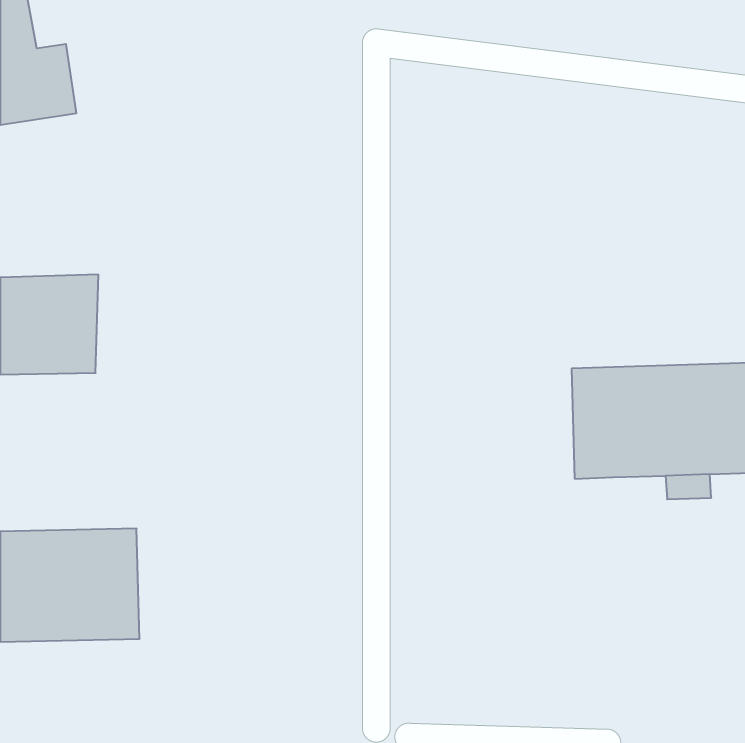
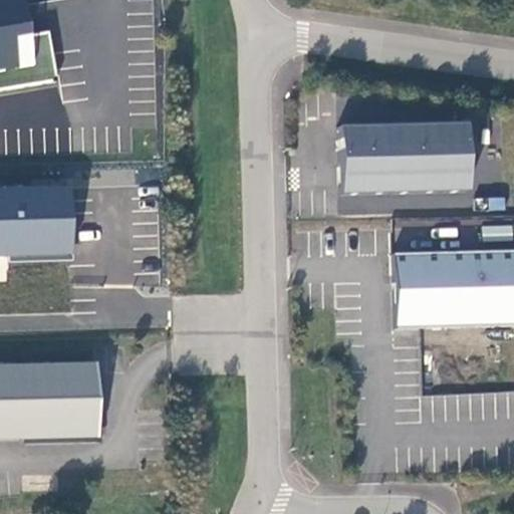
building: none -> [339,122,469,193]

